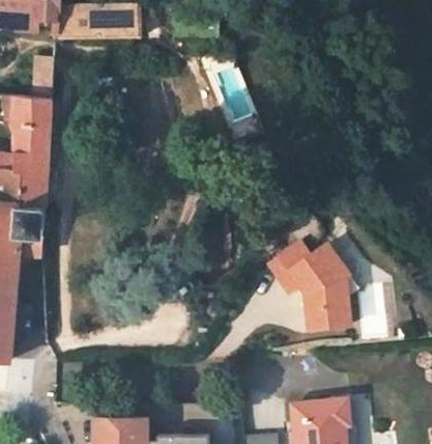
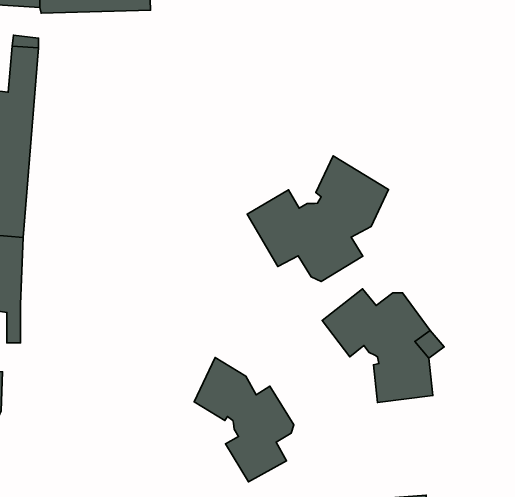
building: none -> [247,156,389,282]
building: none -> [194,358,294,482]

